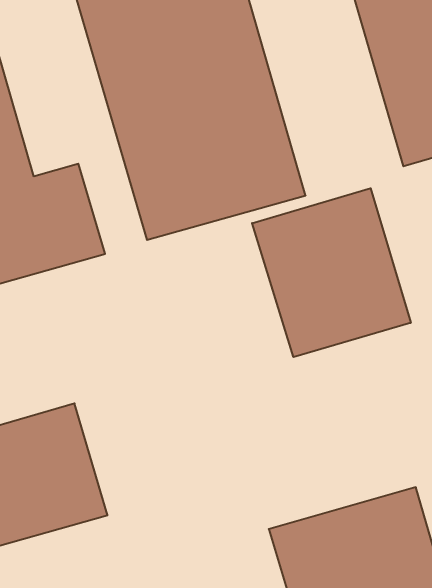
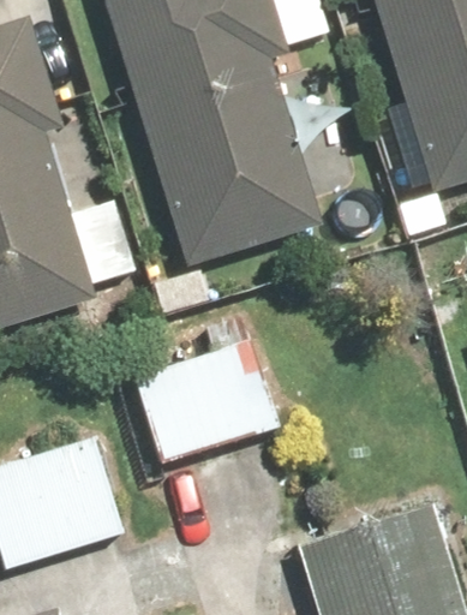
building: [252,188,411,357] -> none
building: none -> [136,329,292,461]

